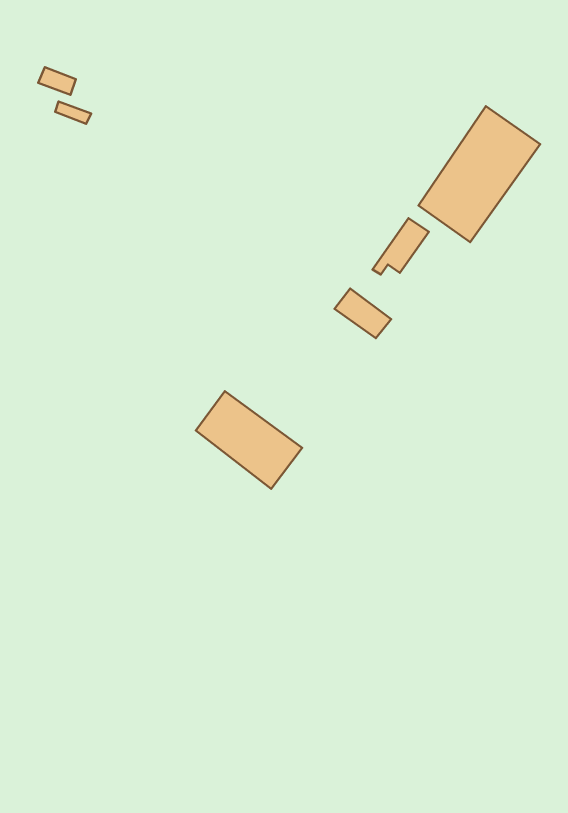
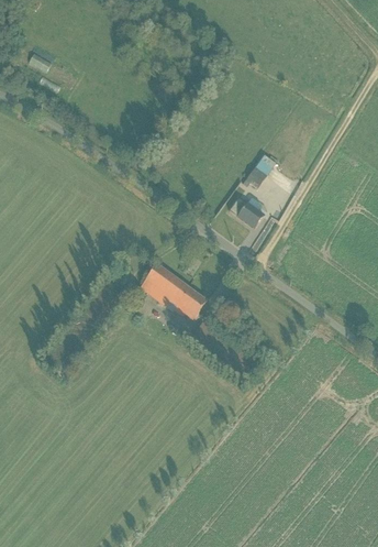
building: [419,106,540,242] -> none

